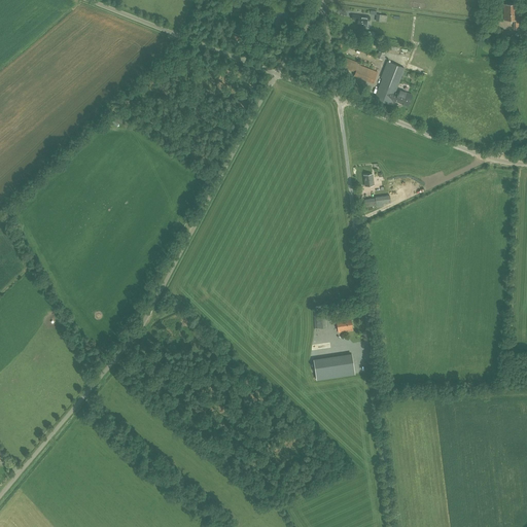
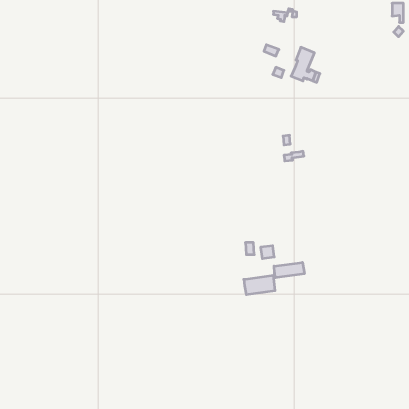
building: none -> [274,262,304,278]

